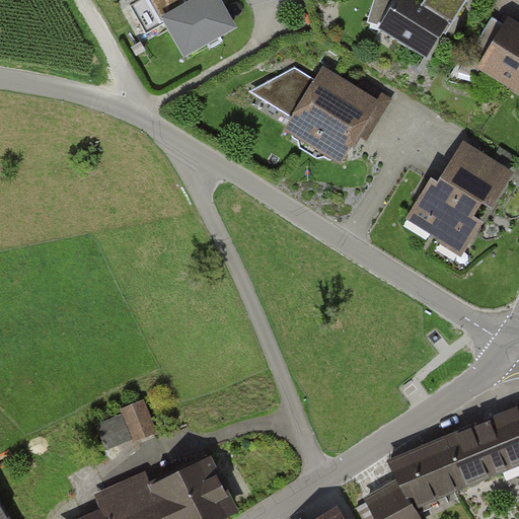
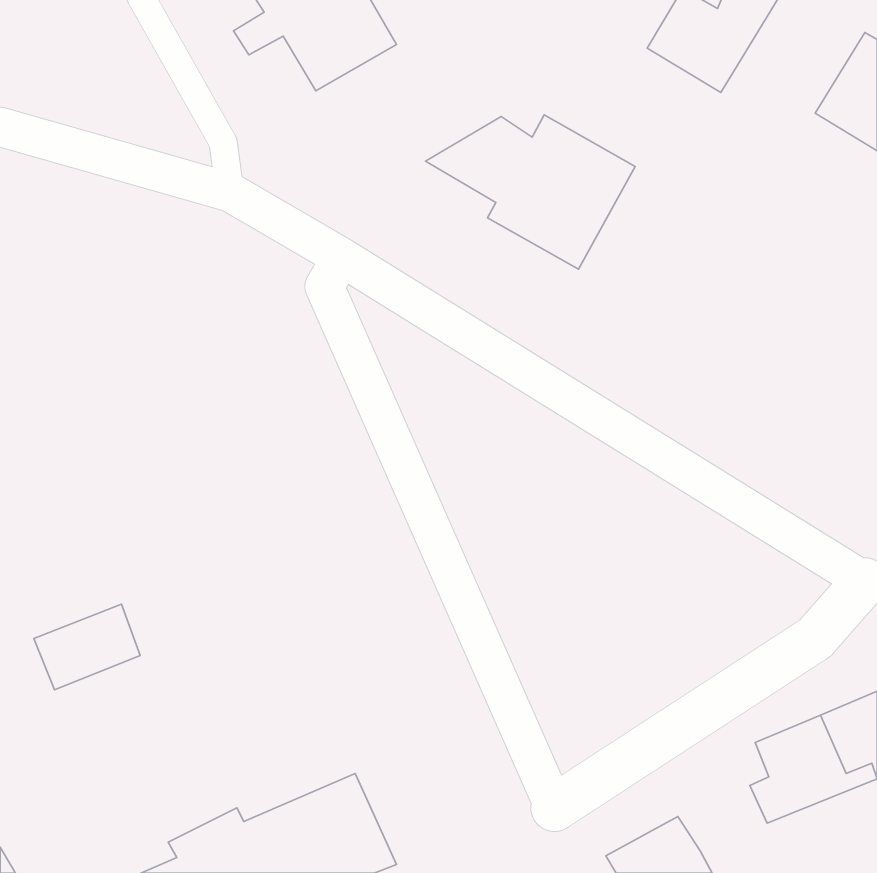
building: [413,145,512,254] -> none
building: [97,397,160,448] -> [34,604,140,690]
building: [390,439,454,503] -> none

